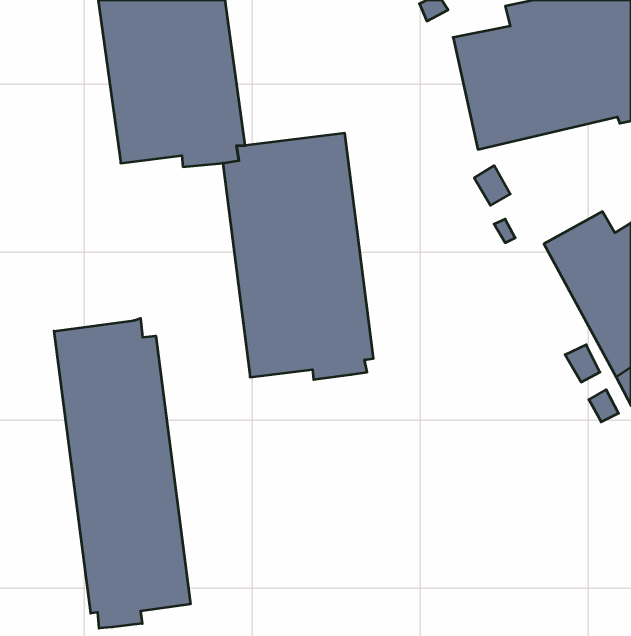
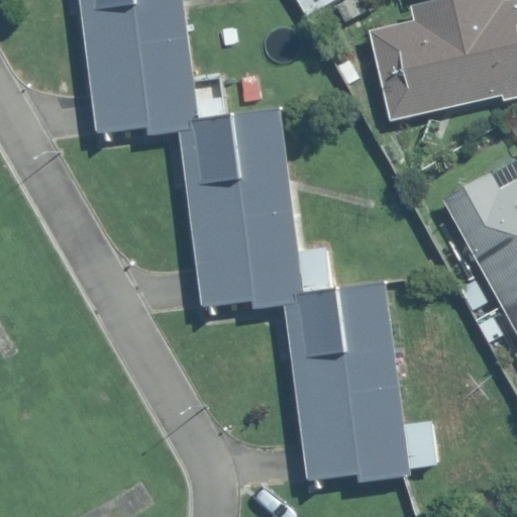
building: [54,318,190,628] -> none
building: none -> [285,281,410,481]

